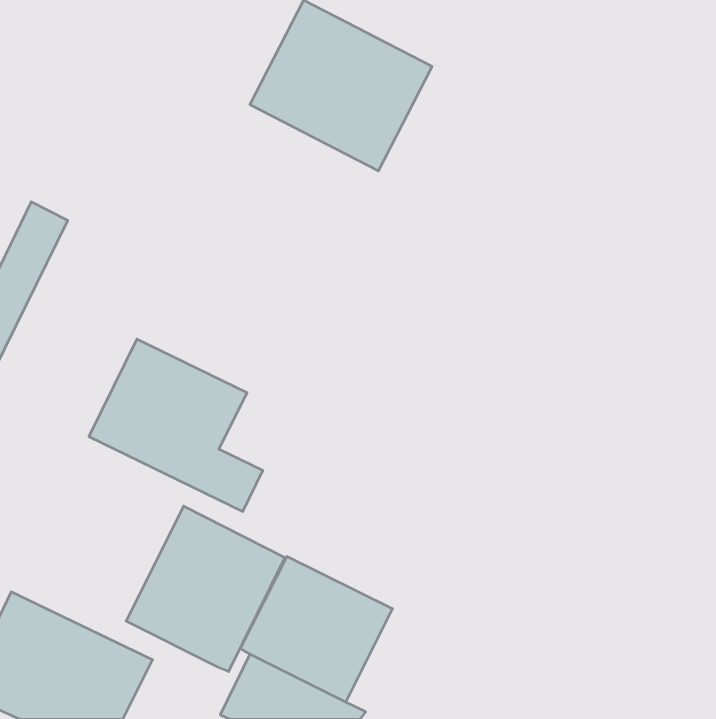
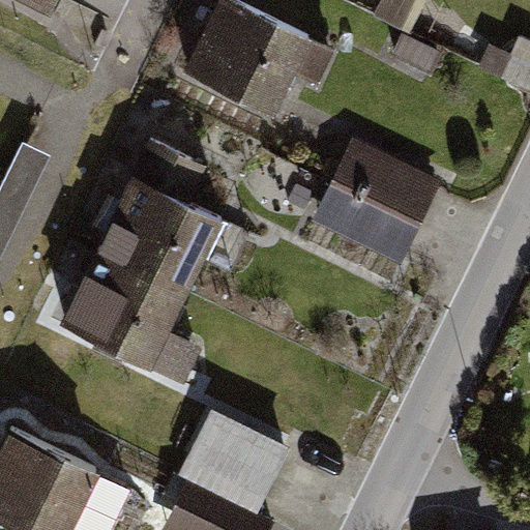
building: none -> [310,141,439,264]
building: none -> [100,144,215,288]
building: [126,506,285,672] -> none

